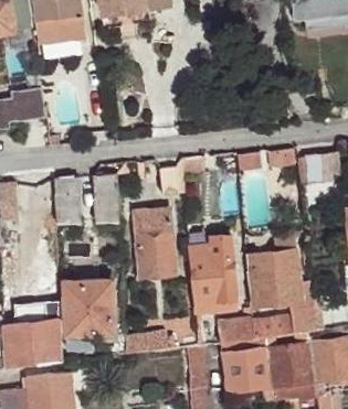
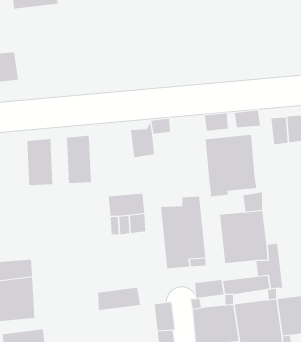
building: none -> [205,134,257,197]
building: [135,206,172,236] -> none
building: [64,280,114,346] -> none

